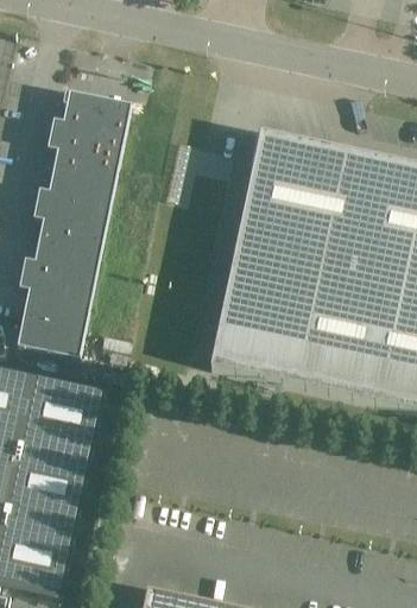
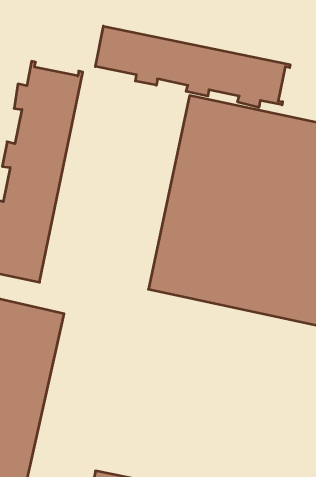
building: none -> [95,26,290,107]

